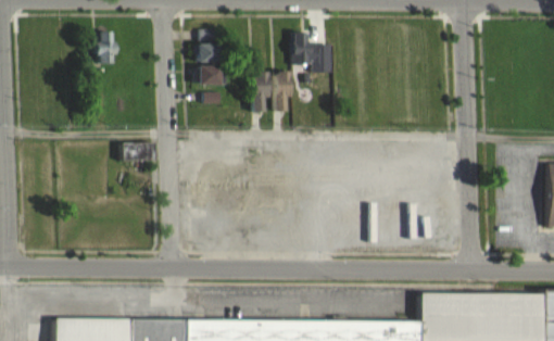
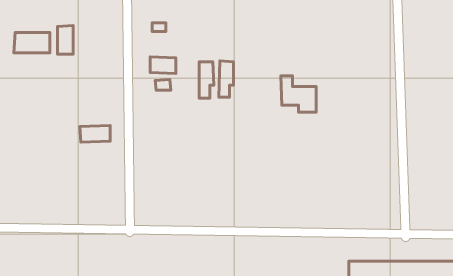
building: [293,30,332,71] -> [281,76,316,112]
building: none -> [14,33,50,53]
building: [196,42,219,62] -> none

